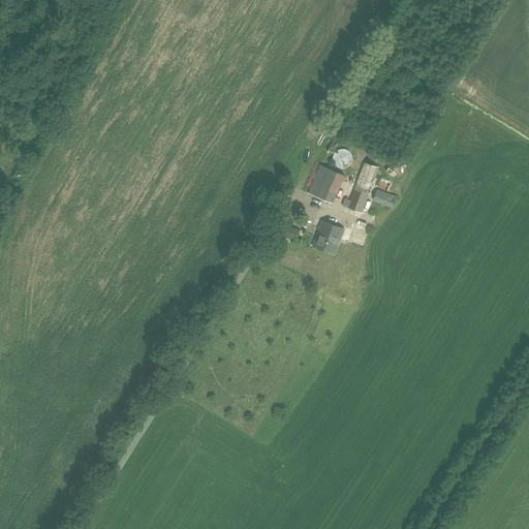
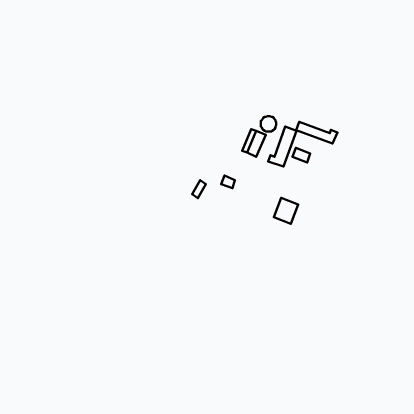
building: none -> [296,122,337,144]
building: [313,220,344,253] -> [274,198,298,224]

